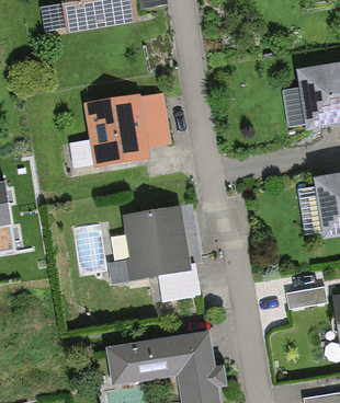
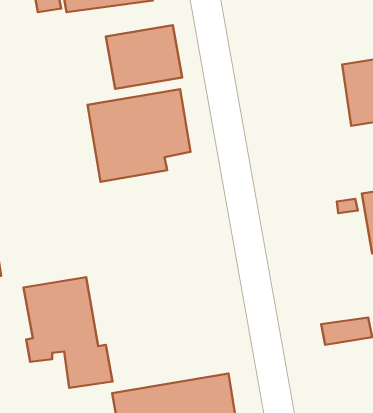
building: none -> [106,25,182,89]
building: [123,206,197,299] -> [24,277,112,388]

